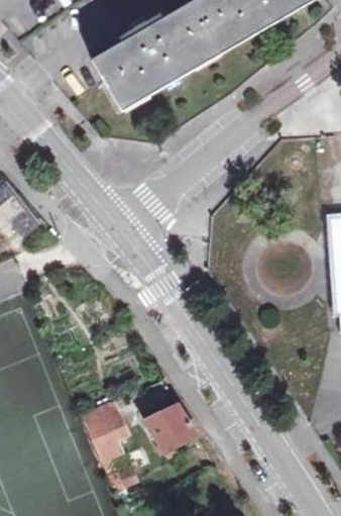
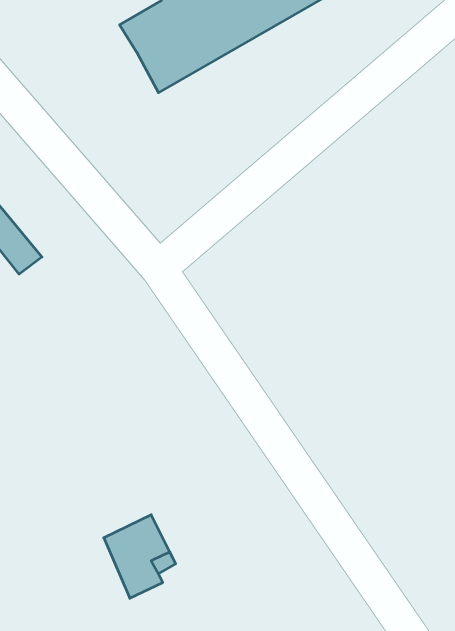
building: [146,403,199,456] -> none

